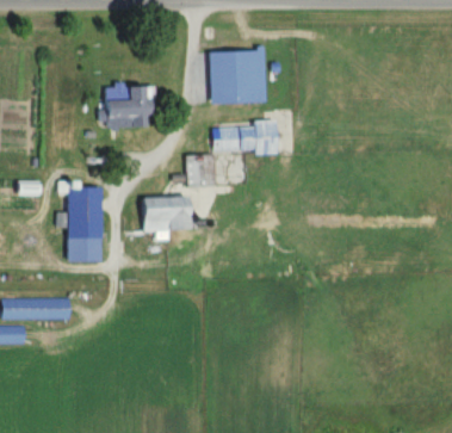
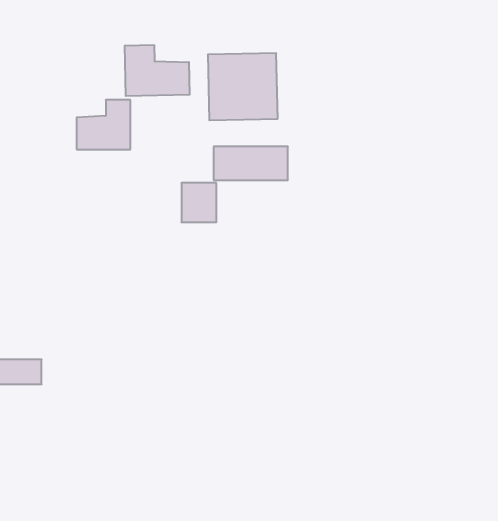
building: none -> [125,45,190,96]
building: [68,185,104,262] -> none
building: [141,197,209,241] -> none

